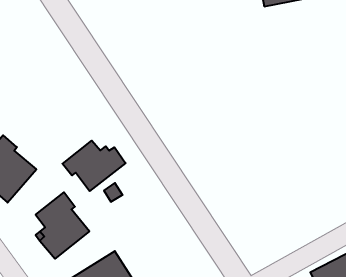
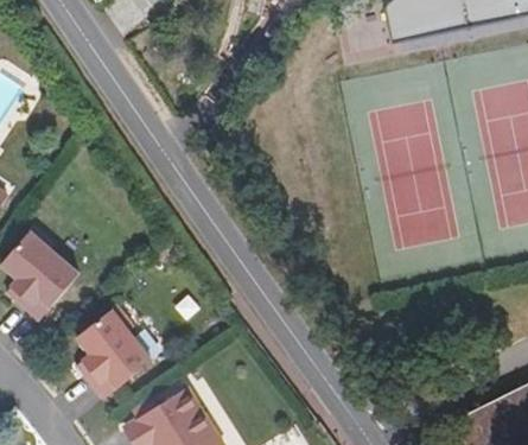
building: [62,141,126,191] -> none

